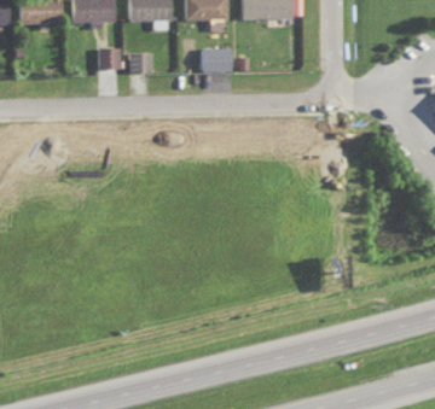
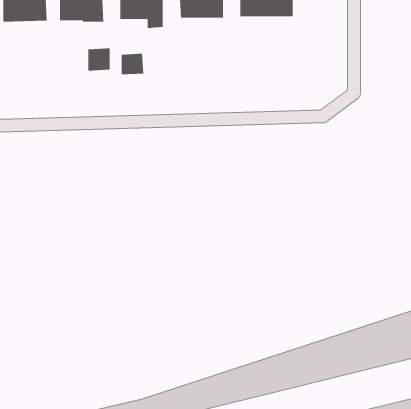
building: [202,48,232,72] -> none

